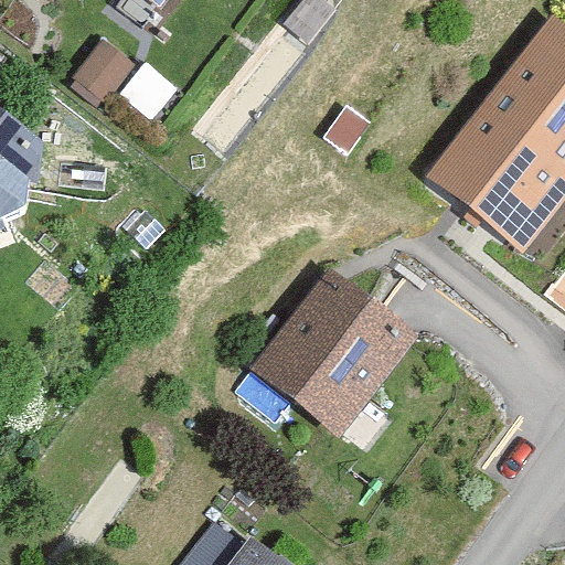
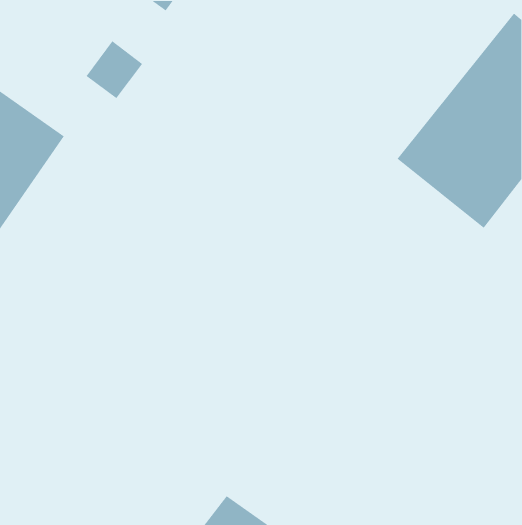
building: [266,275,417,439] -> none

